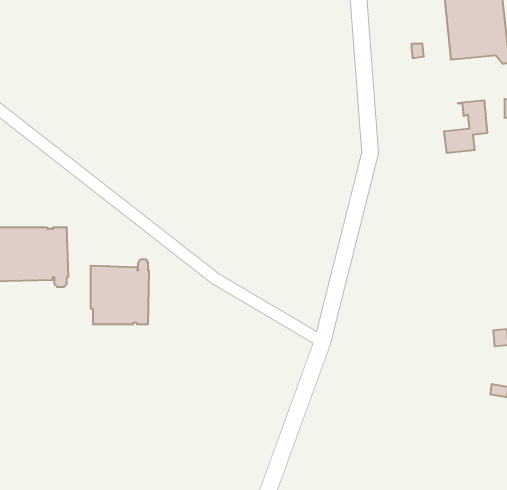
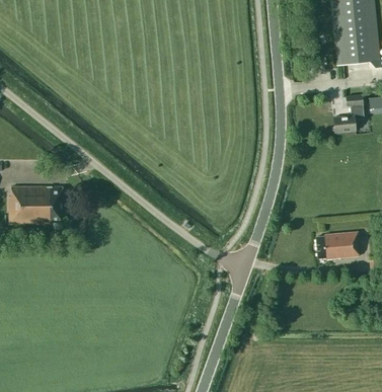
building: [91,259,149,324] -> none
building: none -> [316,231,360,258]

